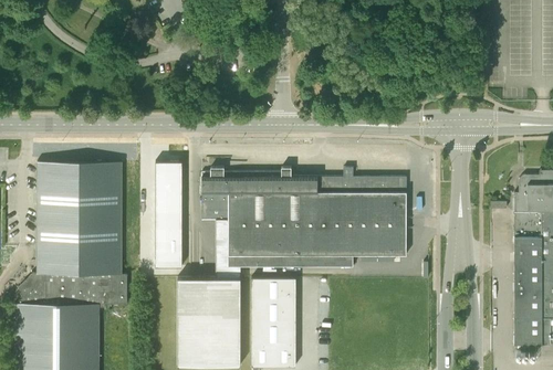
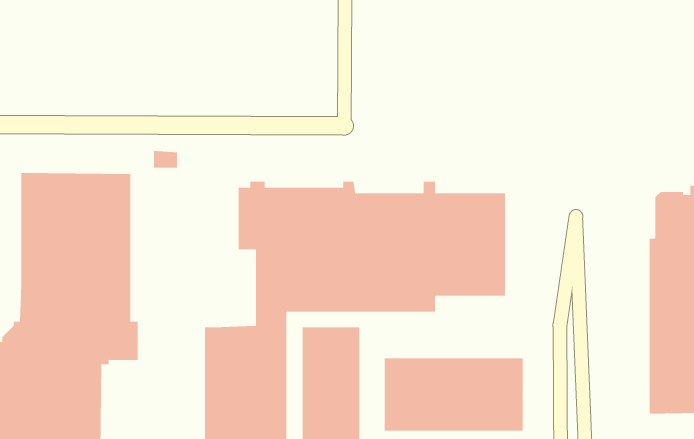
building: [155,163,181,268] -> none
building: none -> [384,357,523,432]

